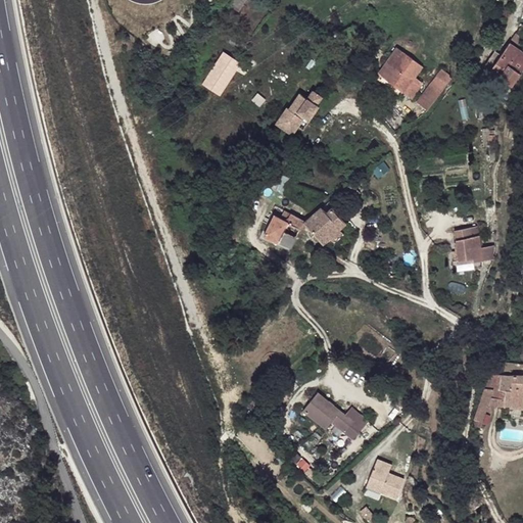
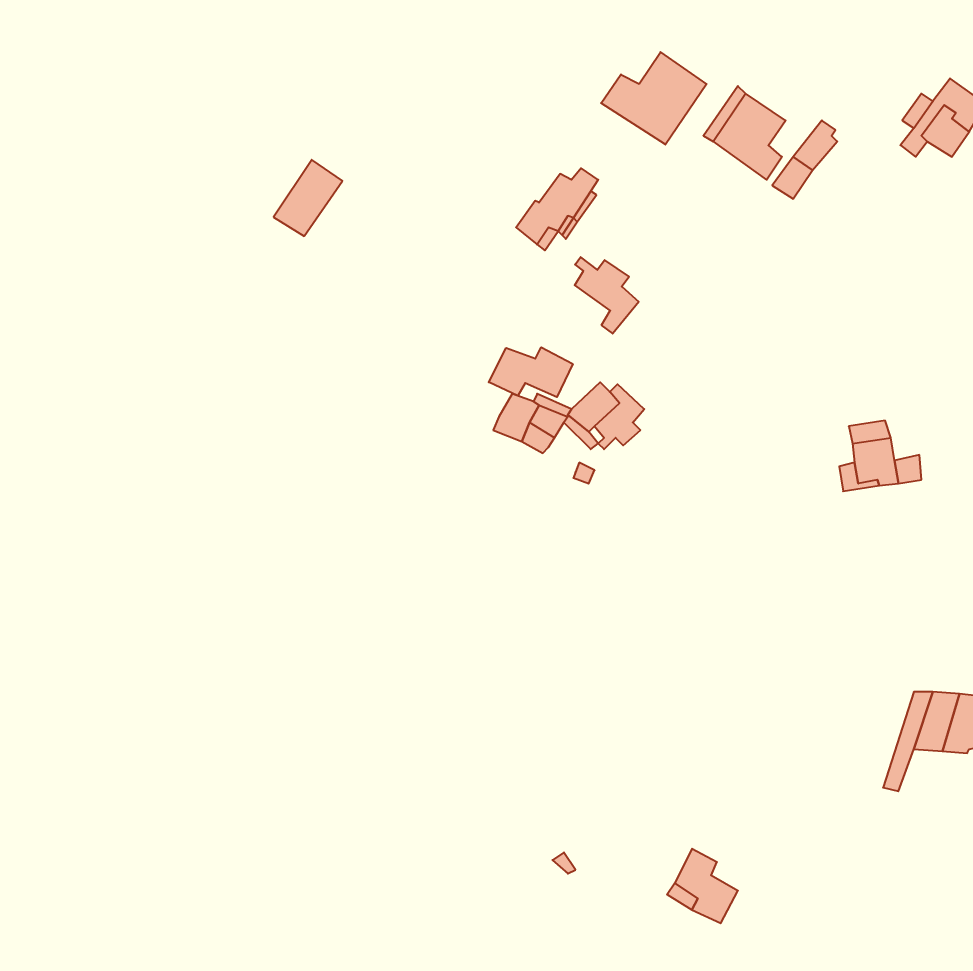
building: none -> [601,52,707,145]
building: [204,55,241,96] -> [274,160,342,236]
building: none -> [575,257,639,334]
building: none -> [489,347,573,397]
building: [302,382,365,432] -> none

